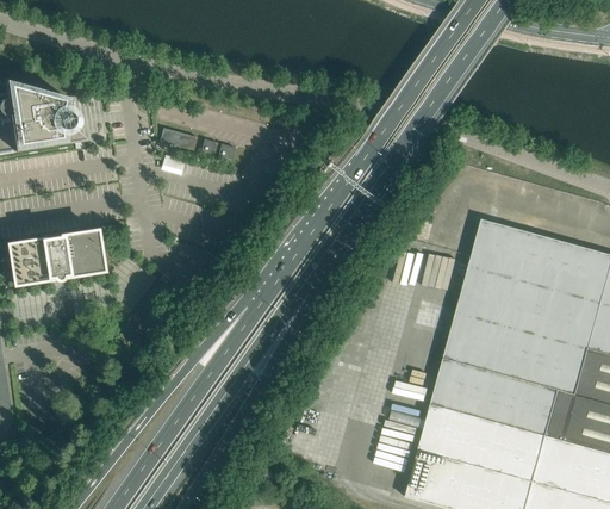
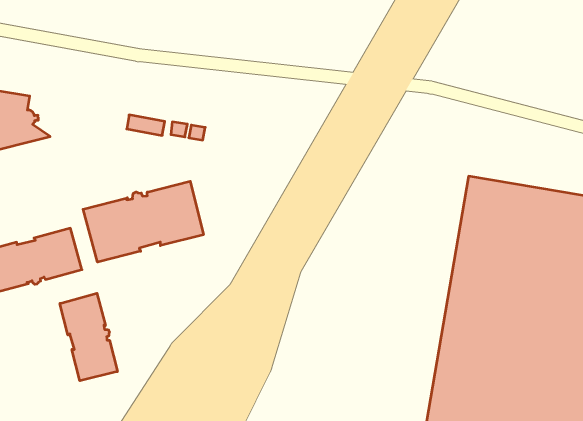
building: none -> [83,181,203,262]
building: none -> [60,293,117,381]

